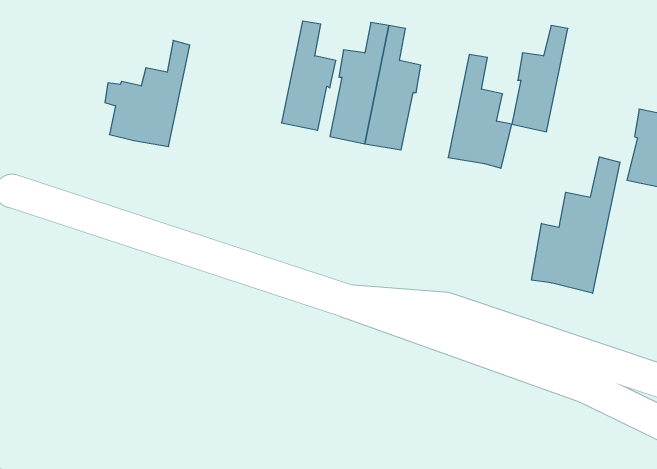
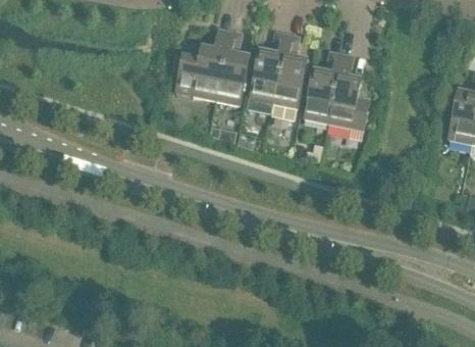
building: [512,26,568,132] -> [303,51,340,122]
building: [105,40,190,147] -> [171,28,228,99]
building: [532,157,620,293] -> none

